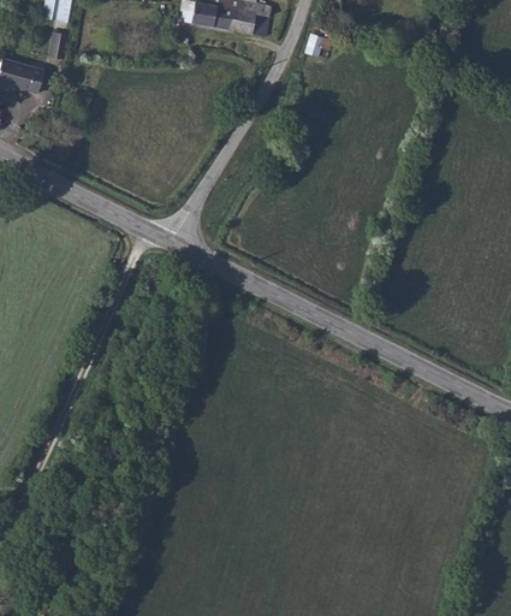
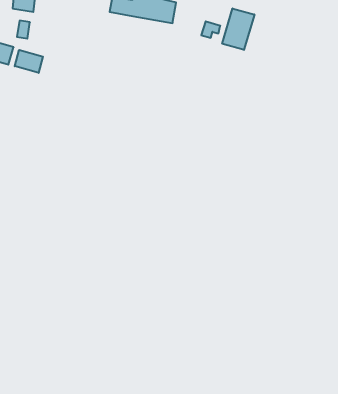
building: none -> [222,8,254,50]
building: none -> [15,50,43,73]

